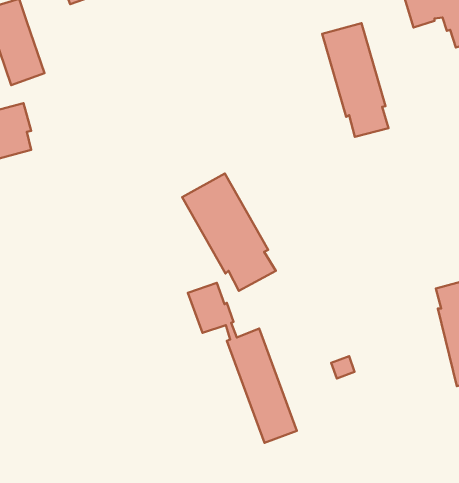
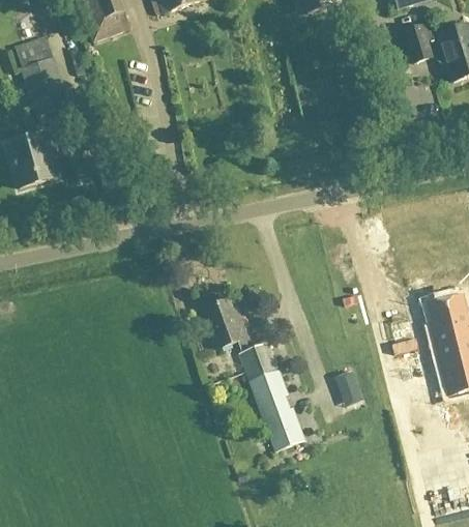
building: [322,23,389,137] -> none
building: [182,174,276,291] -> none

